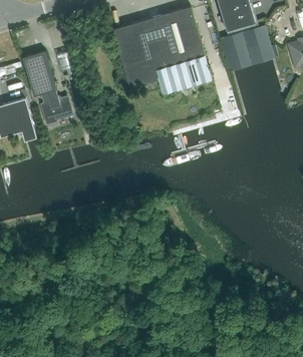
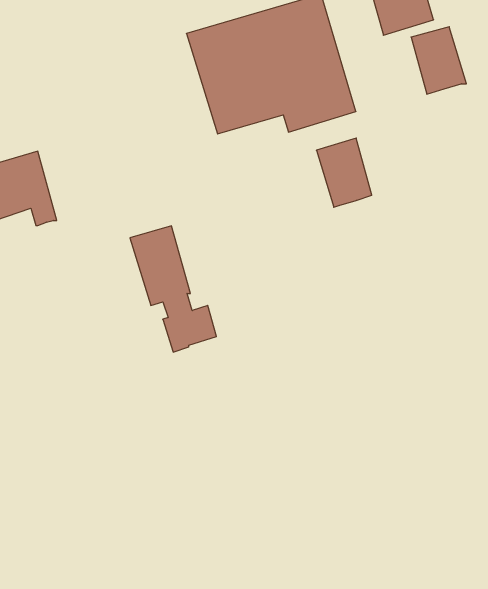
building: [219,31,251,71] -> [316,138,372,207]
building: [21,50,71,123] -> [130,226,216,352]

